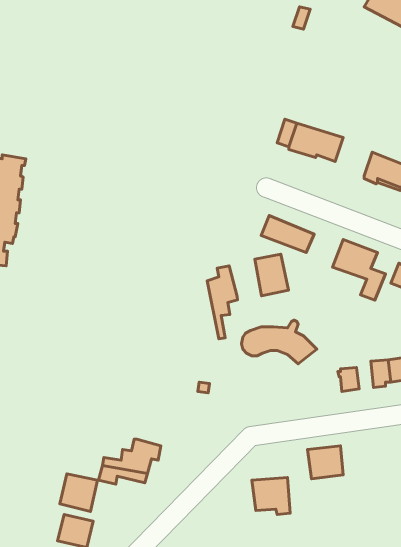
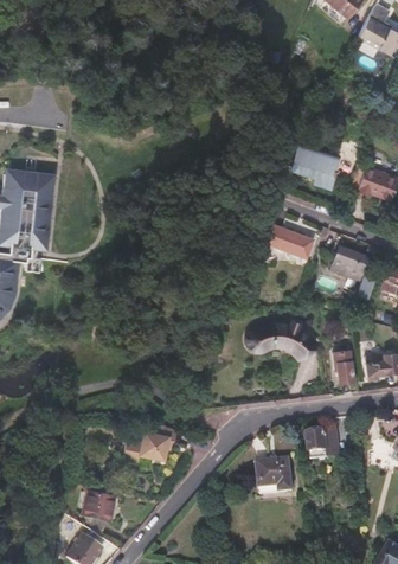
building: [255,254,289,296] -> none
building: [207,266,238,339] -> none
building: [60,474,98,511] -> none

